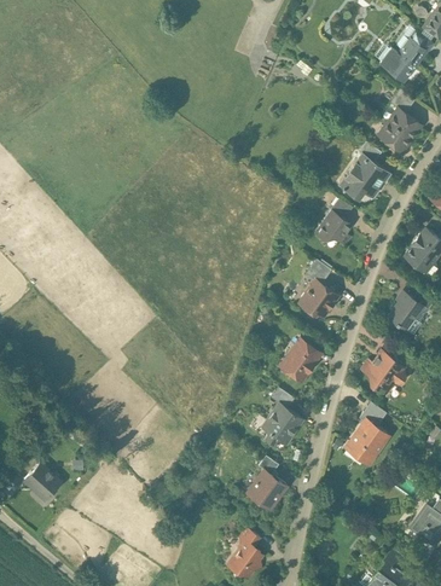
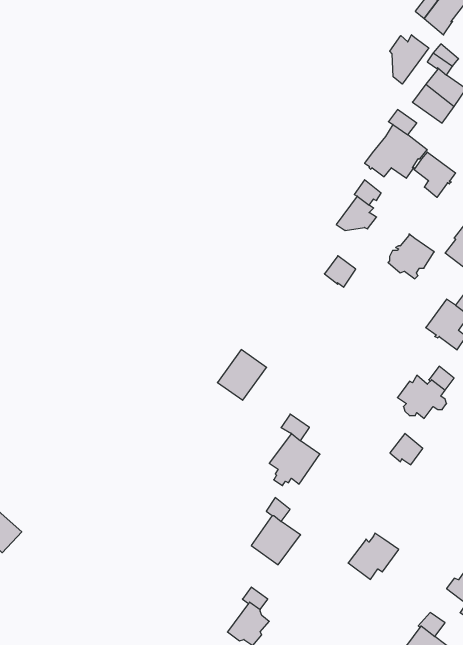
building: none -> [390,35,429,84]
building: none -> [414,152,456,197]
building: [300,282,337,318] -> [388,234,434,279]
building: [280,341,320,382] -> [217,350,267,400]
building: [347,424,388,462] -> [348,533,399,579]

